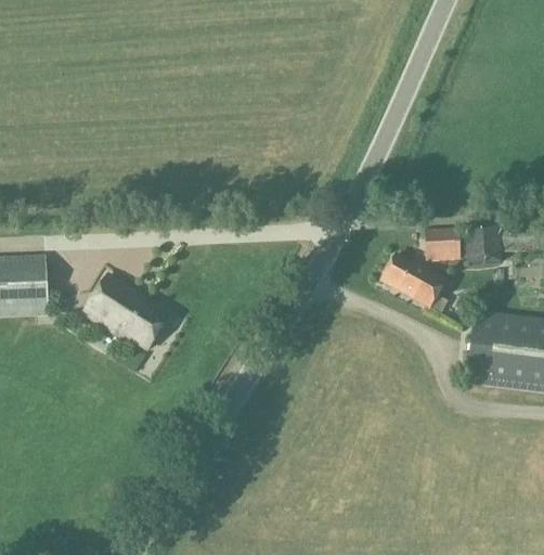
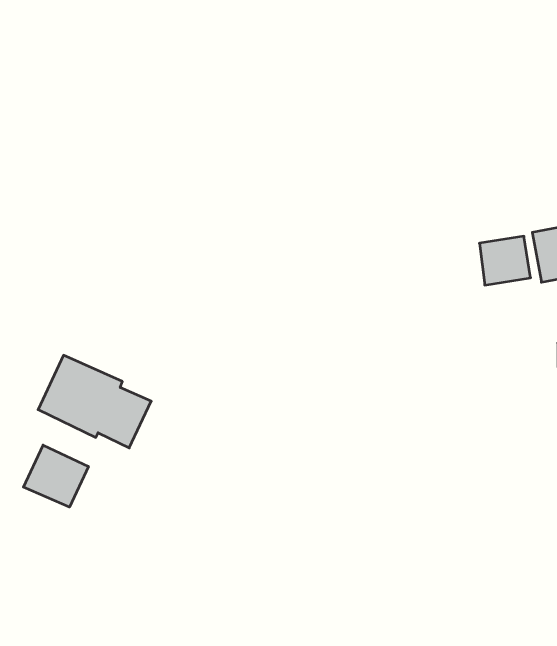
building: [380,254,443,307] -> none
building: none -> [23,445,88,507]

